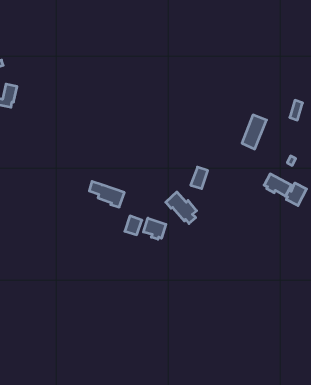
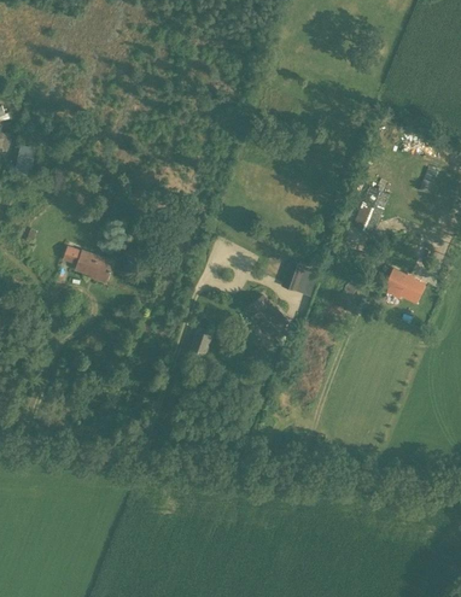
building: [89,181,124,207] -> [64,246,113,282]
building: [286,183,307,206] -> none
building: [143,218,166,239] -> none

